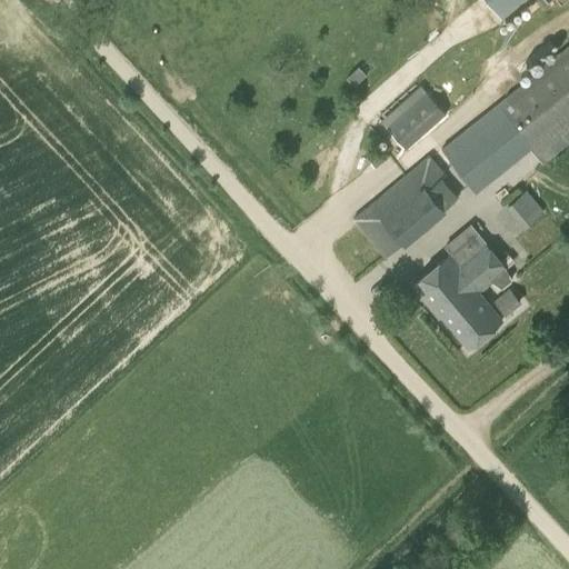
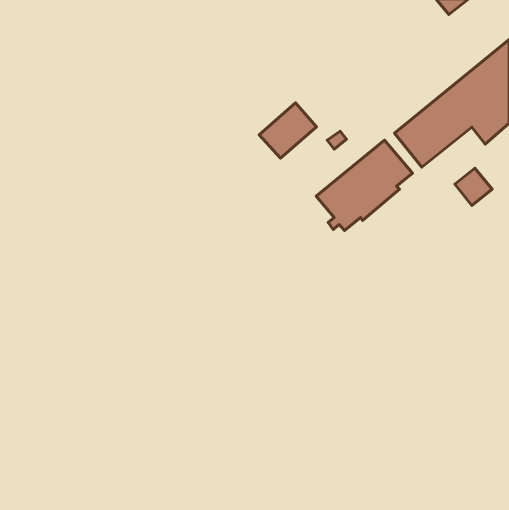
building: [387,93,450,154] -> [259,103,317,158]
building: [412,227,512,350] -> none

